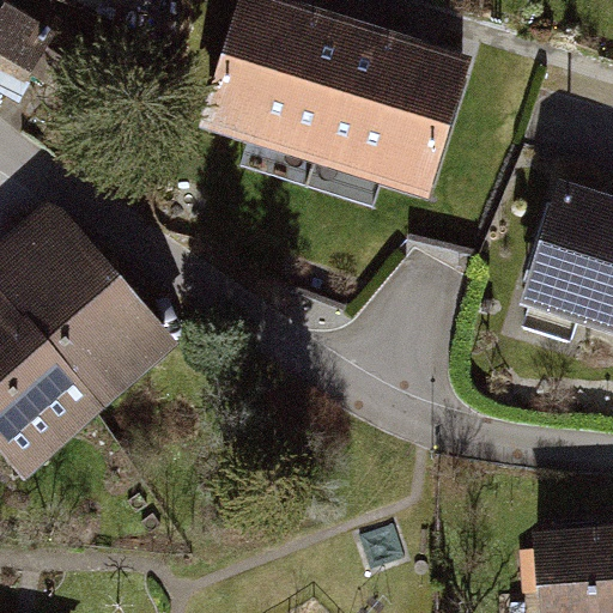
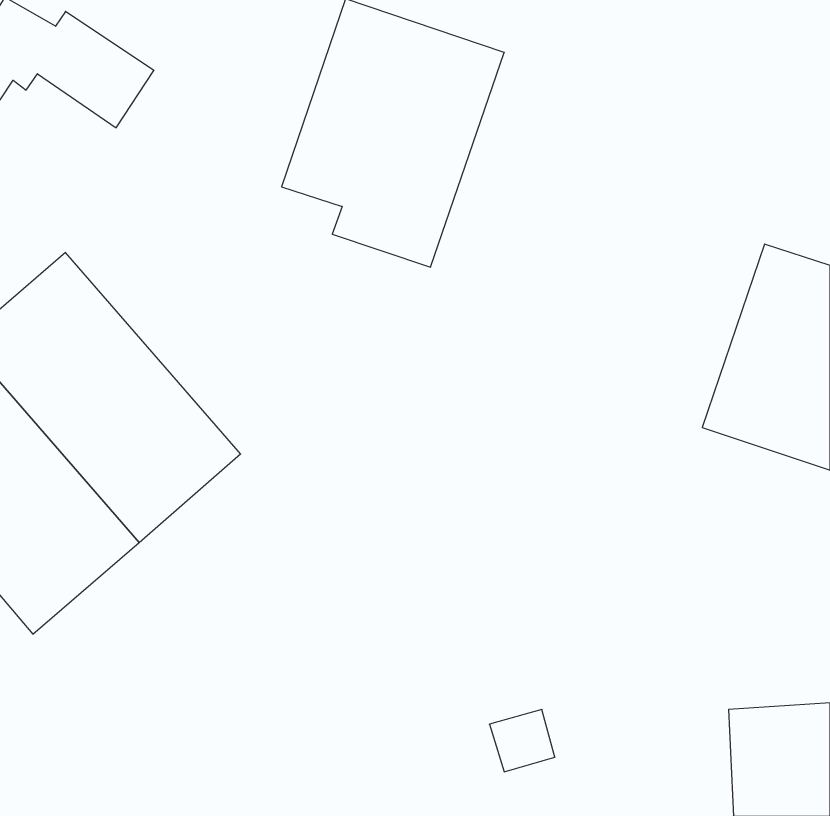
building: [315,38,484,216] -> none

